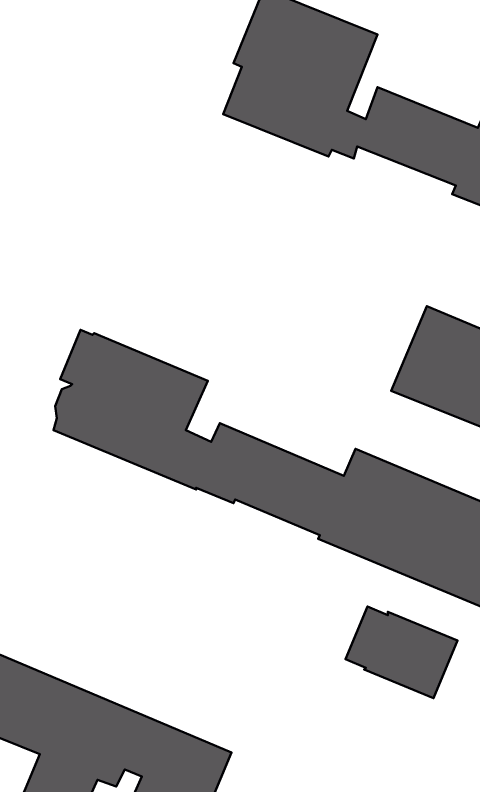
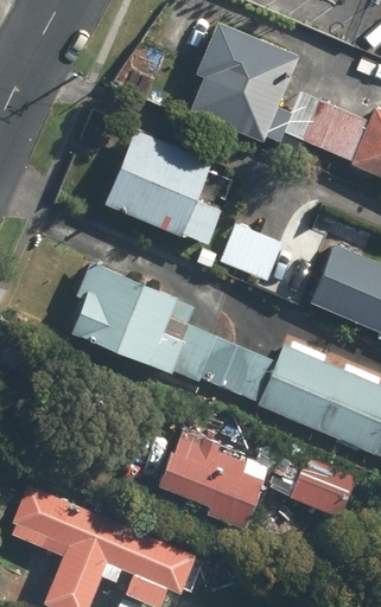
building: none -> [104,129,222,245]
building: none -> [220,225,282,282]
building: none -> [158,427,269,529]

